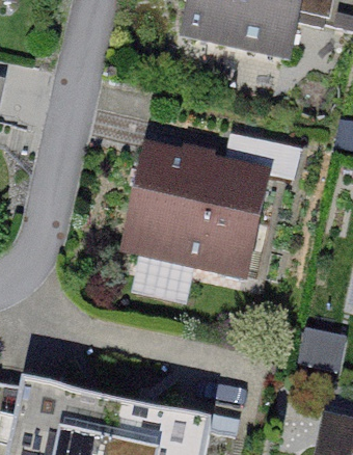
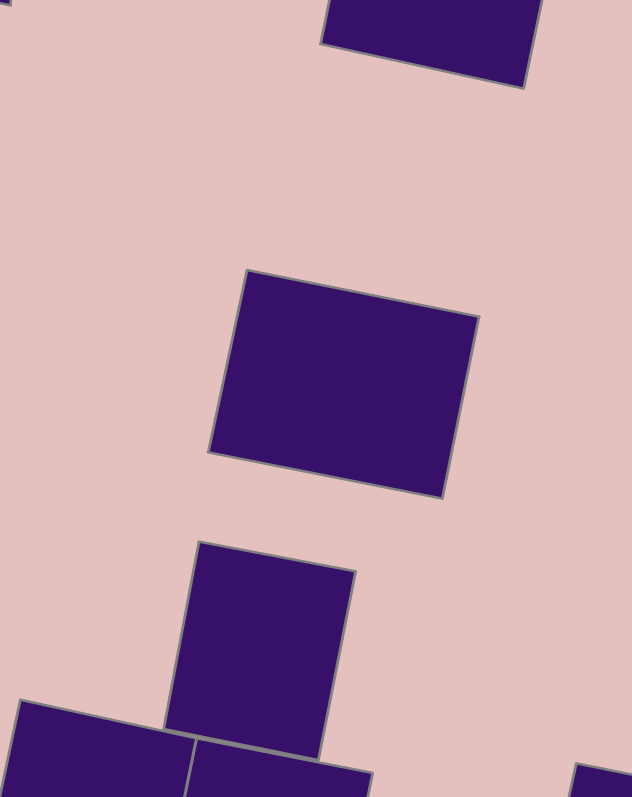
building: none -> [164,542,356,760]

